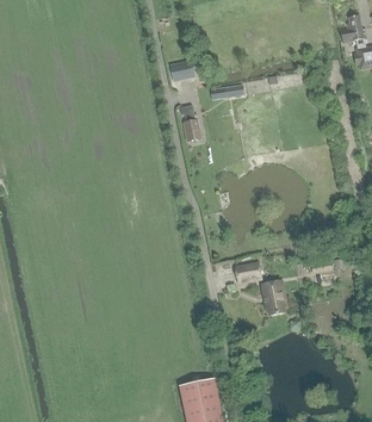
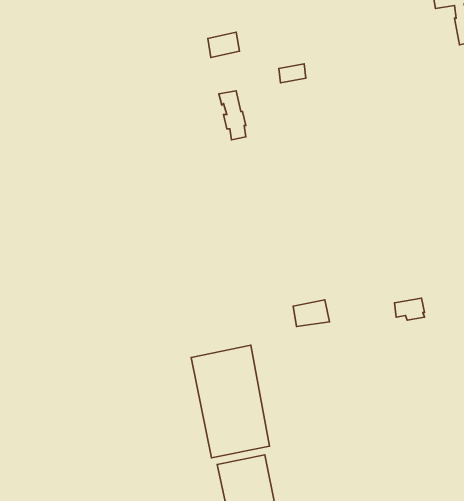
building: [262,280,286,315] -> none
building: none -> [191,345,270,458]

